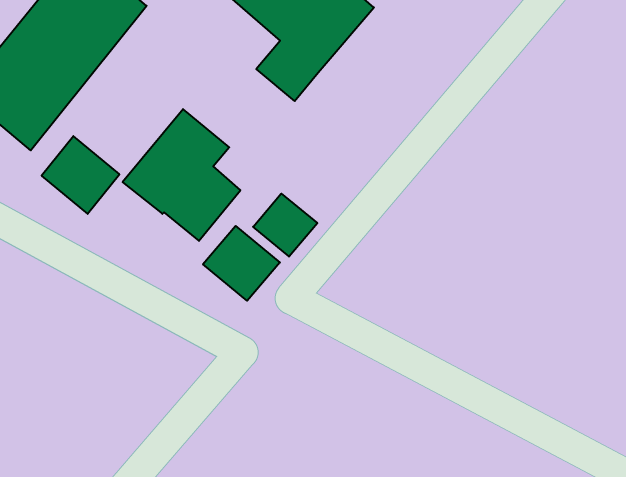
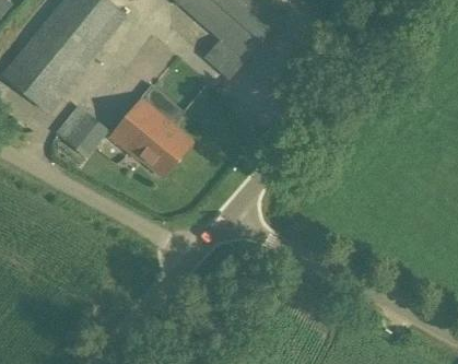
building: [253,194,317,257] -> none
building: [203,226,280,301] -> none

